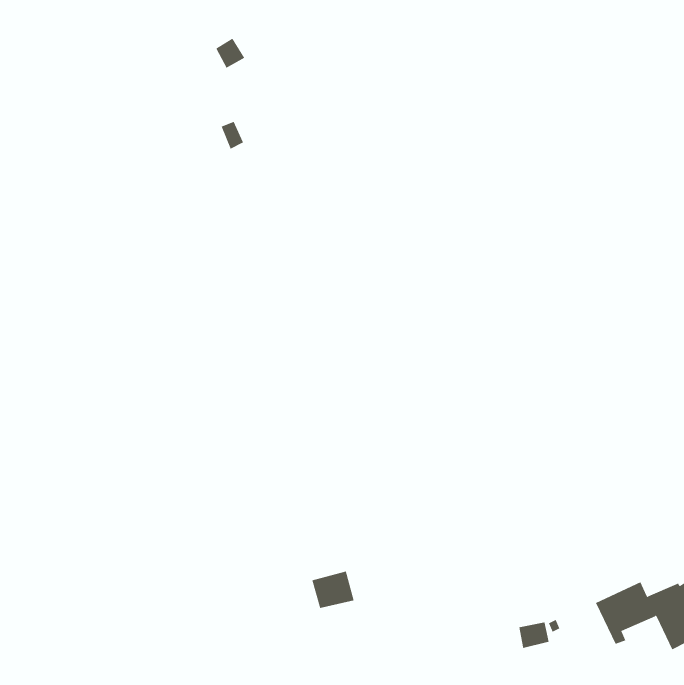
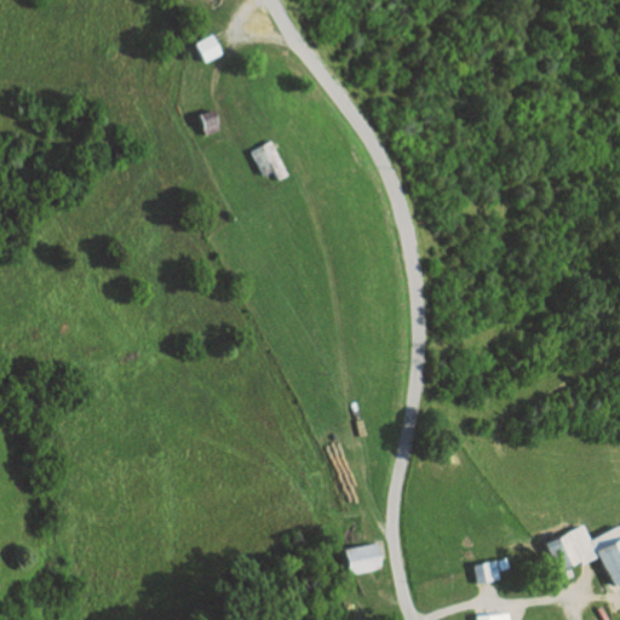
building: none -> [253,142,291,180]
building: [312,571,355,608] -> [345,540,384,574]

